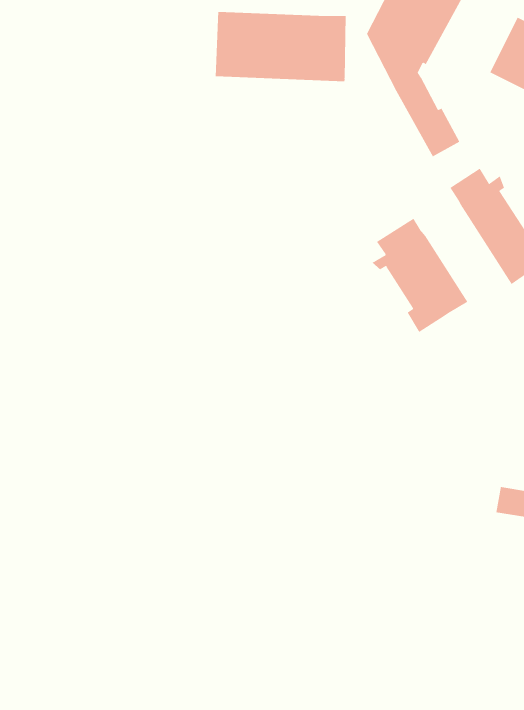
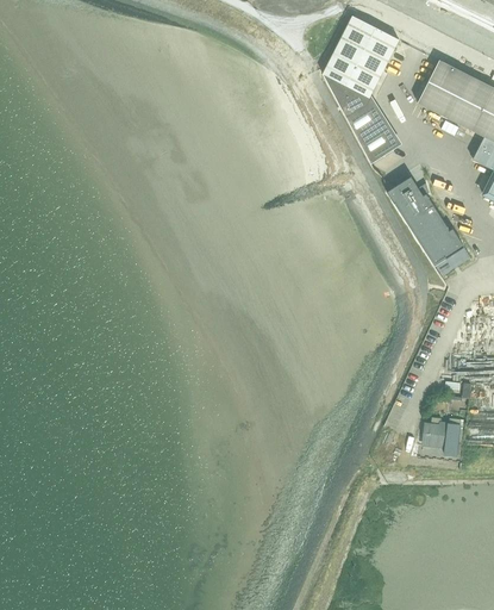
building: [215,11,346,82] -> none
building: [371,218,468,333] -> none

